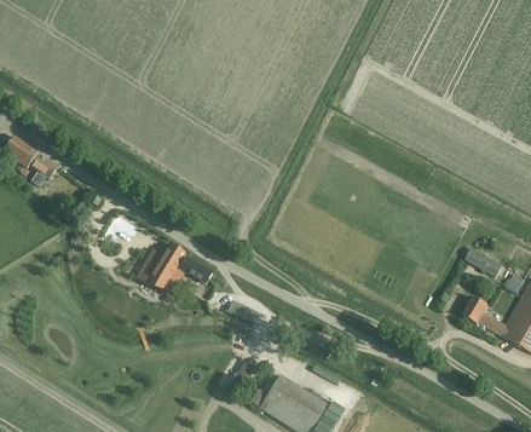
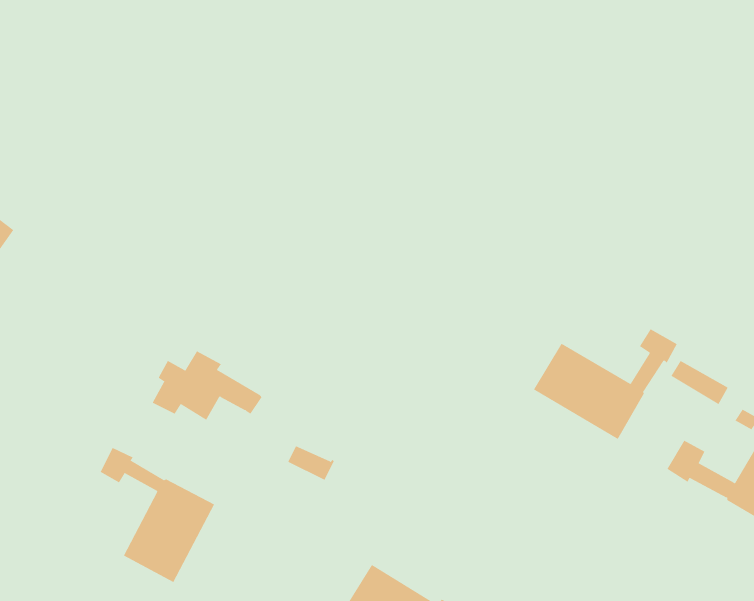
building: none -> [533,328,677,440]
building: none -> [100,447,215,583]

